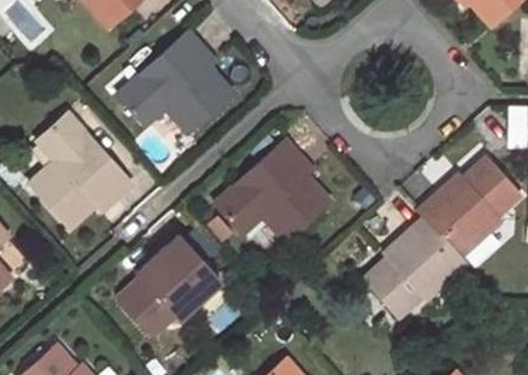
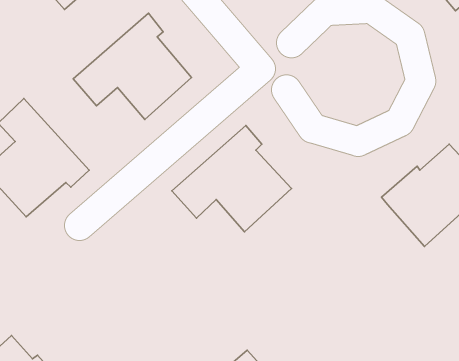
building: [363,216,467,317] -> none
building: [118,234,221,334] -> none

